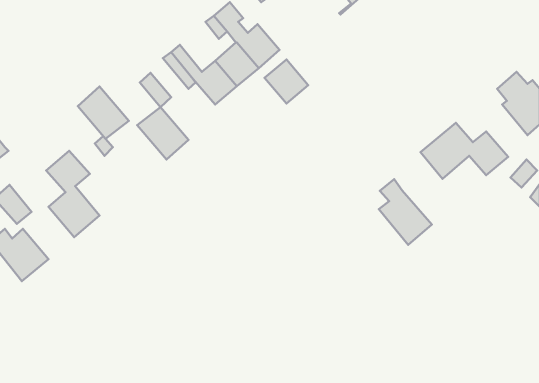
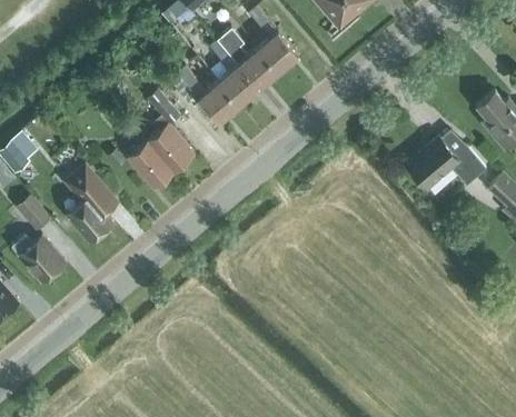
building: [265,60,308,103] -> [257,31,297,71]
building: [78,87,129,139] -> [127,140,173,188]
building: [379,179,432,245] -> none

